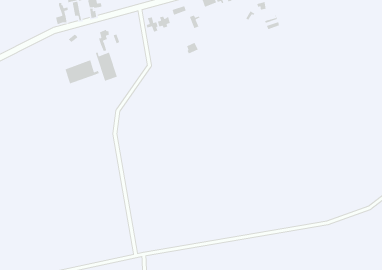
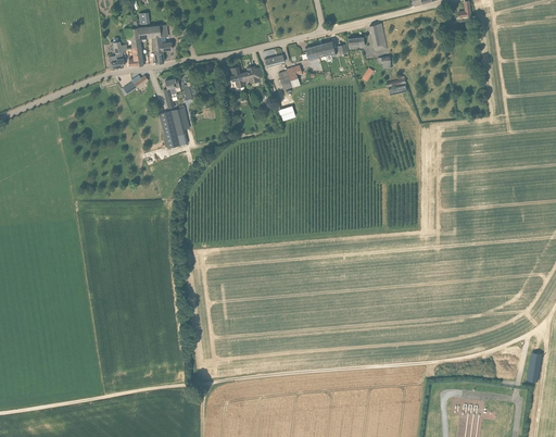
building: [64,59,100,84] -> none

